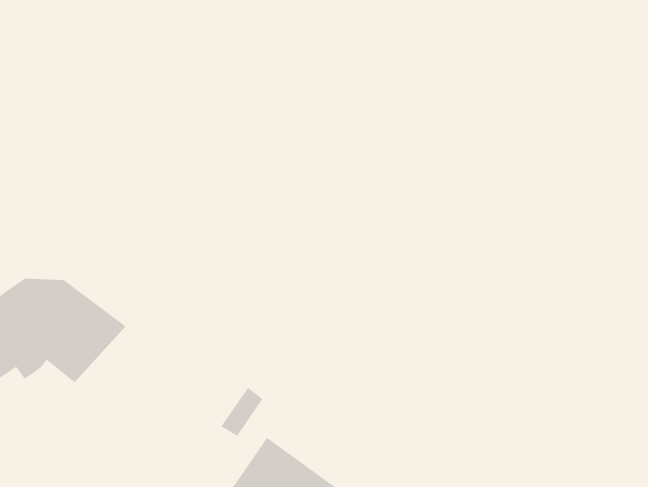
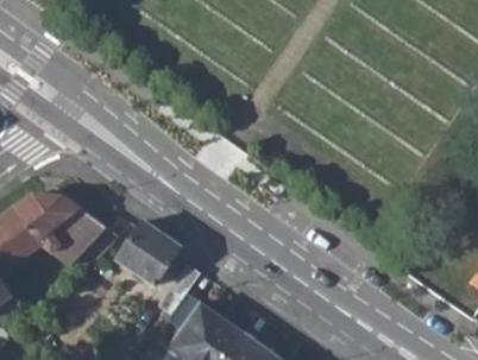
building: none -> [114,220,181,285]

